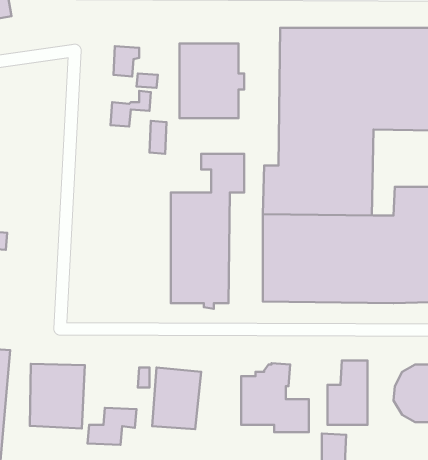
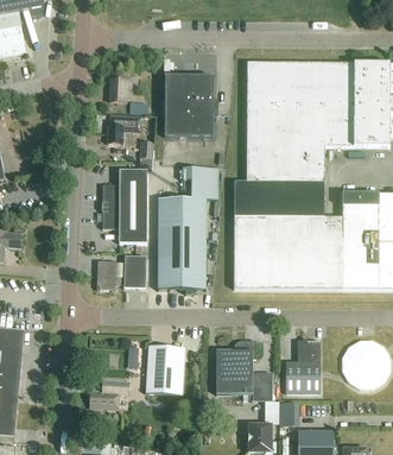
building: none -> [101,170,146,242]
building: none -> [95,255,146,289]
building: [30,364,85,429] -> none

